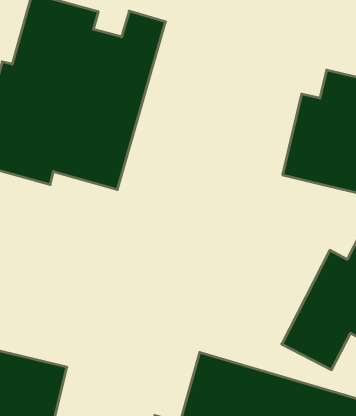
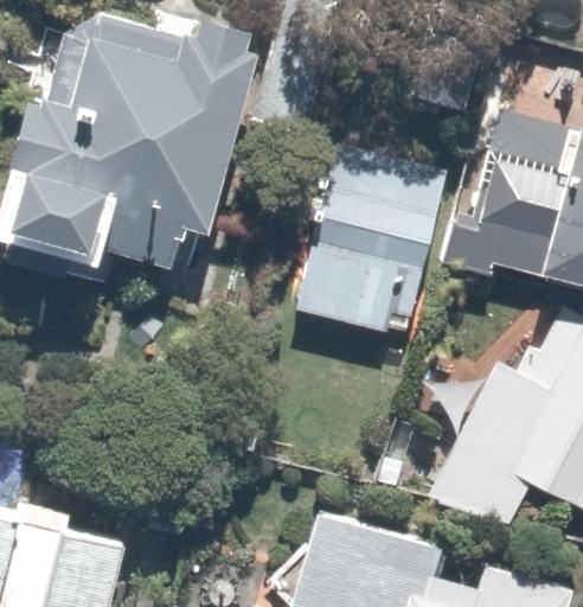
building: none -> [294,147,440,337]

